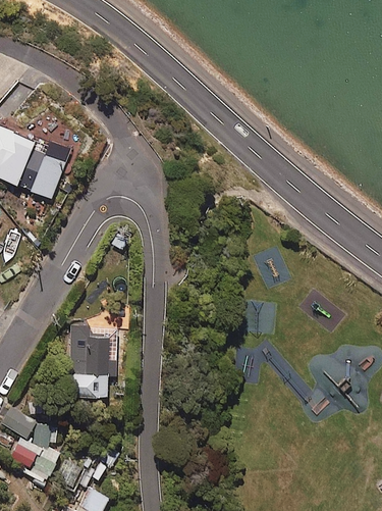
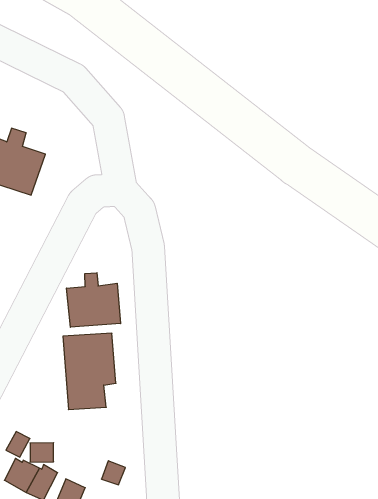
building: none -> [67,273,121,327]

